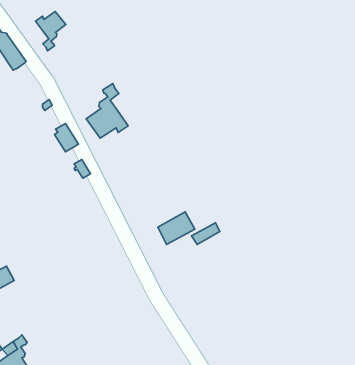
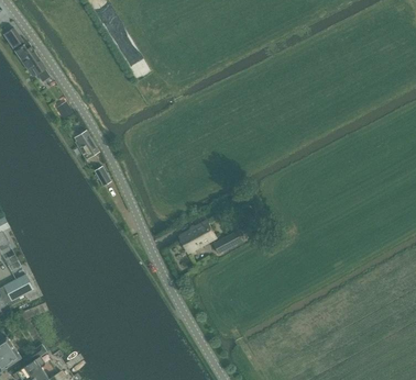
building: [35,12,66,51] -> none
building: [86,83,128,138] -> none

